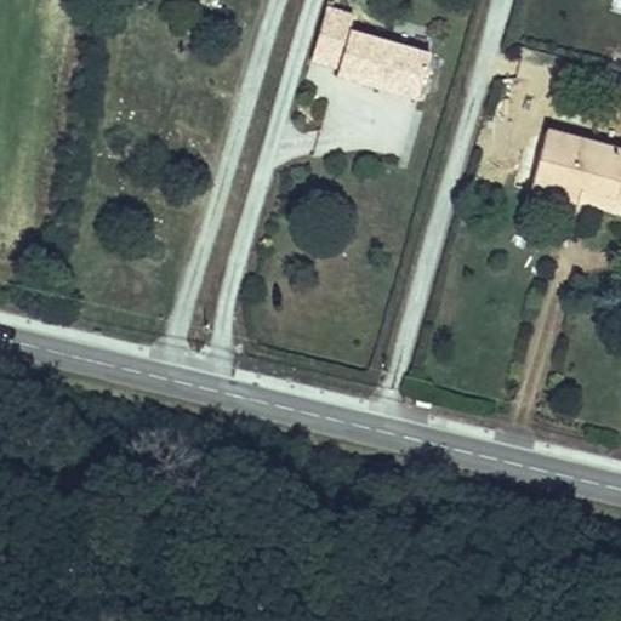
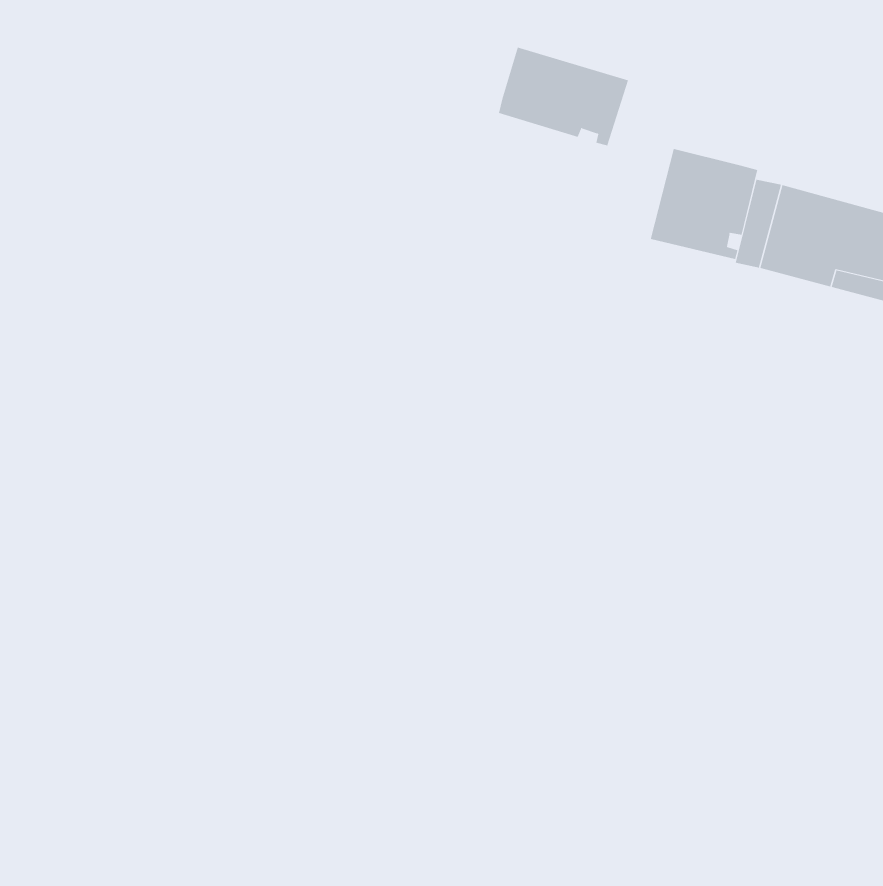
building: [313,7,369,69] -> none
building: none -> [650,148,758,260]

